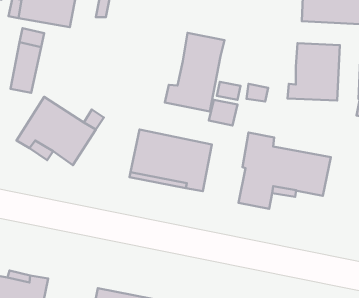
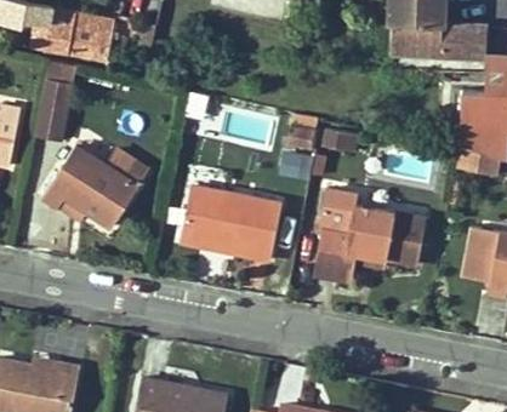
building: [165,33,224,112] -> none
building: [288,43,340,101] -> none

